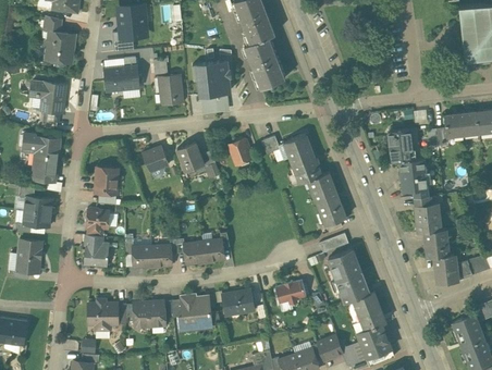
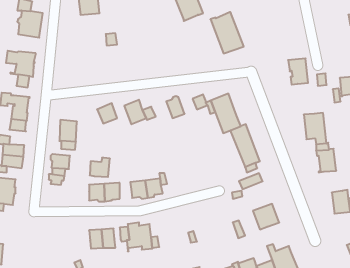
building: [244,36,285,87] -> [210,12,244,53]
building: [197,61,231,94] -> none
building: [104,66,138,90] -> none
building: [158,75,183,104] -> none
building: [388,128,413,161] -> [288,58,308,85]
building: [425,229,447,257] -> none
building: [84,242,109,266] -> [90,158,110,177]
building: [328,248,360,280] -> none
building: [275,280,306,304] -> none
building: [221,289,255,314] -> none
building: [354,292,385,330] -> none
building: [88,299,118,326] -> none

